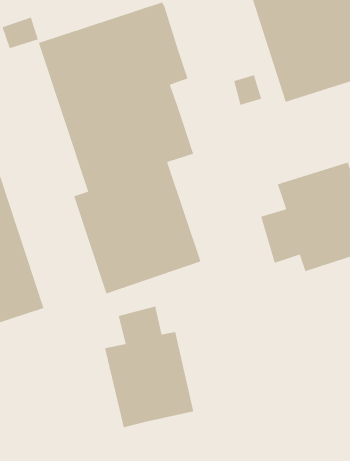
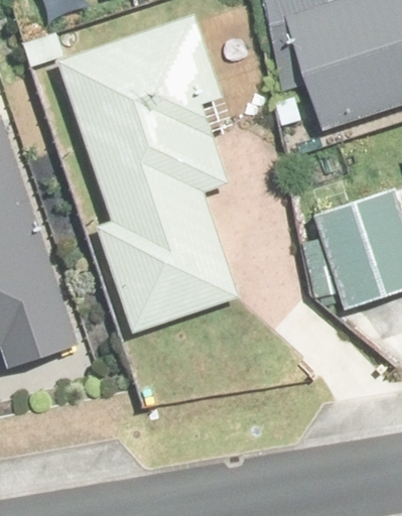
building: [104,305,194,428] -> none

